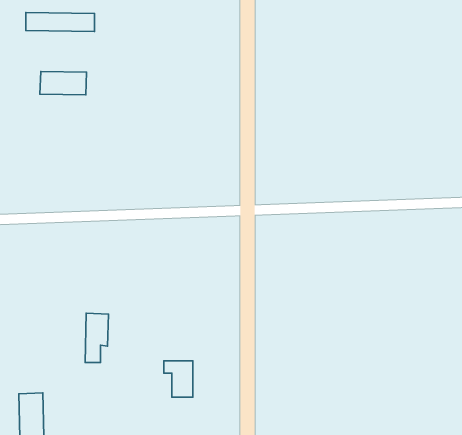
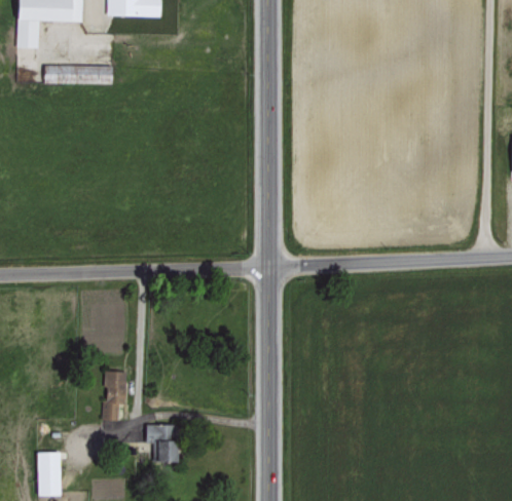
building: [40,72,87,95] -> none
building: [164,361,193,397] -> [146,424,176,461]

